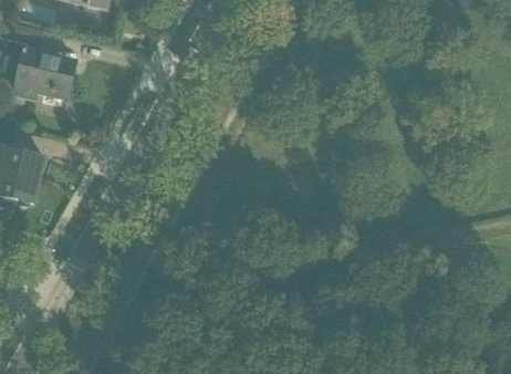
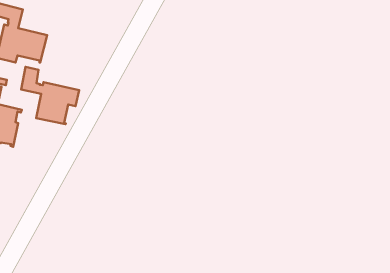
building: none -> [21,67,79,124]

